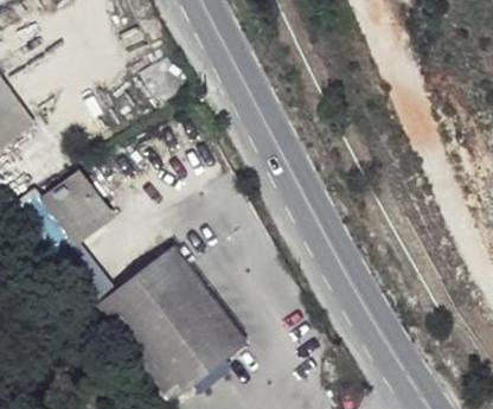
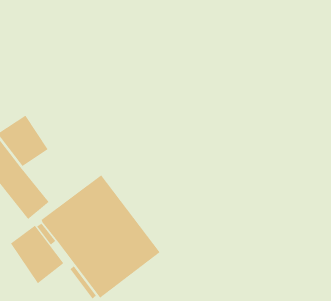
building: none -> [10,225,64,284]

